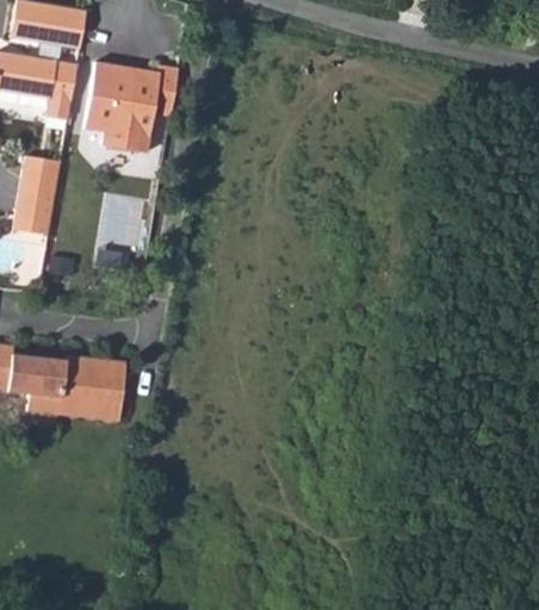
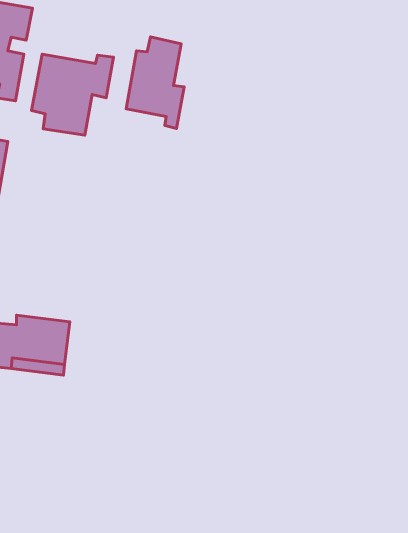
building: none -> [126,37,184,128]

